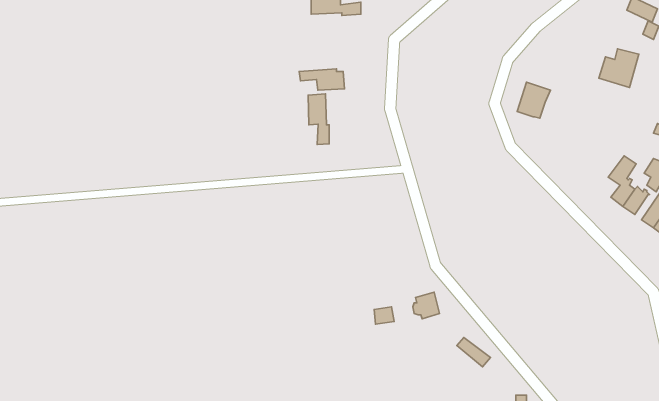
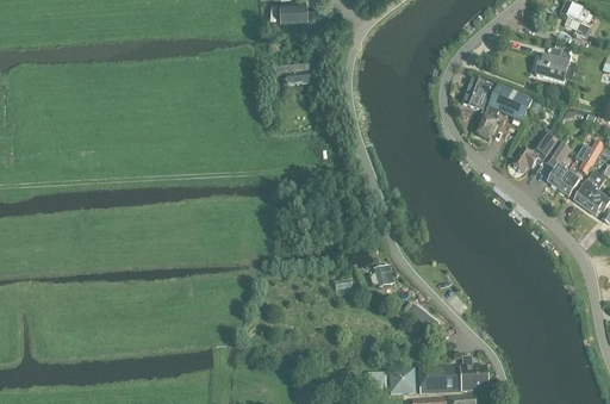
building: none -> [477,85,533,139]
building: [308,94,329,145] -> none
building: none -> [512,130,556,170]

